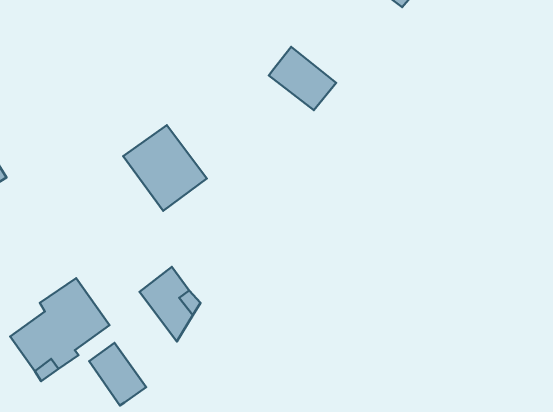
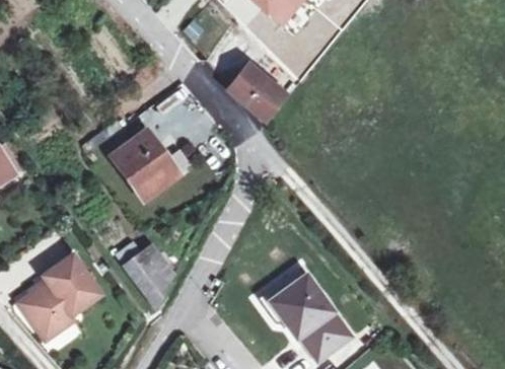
building: none -> [264,268,350,358]
building: [89,343,146,405] -> none

